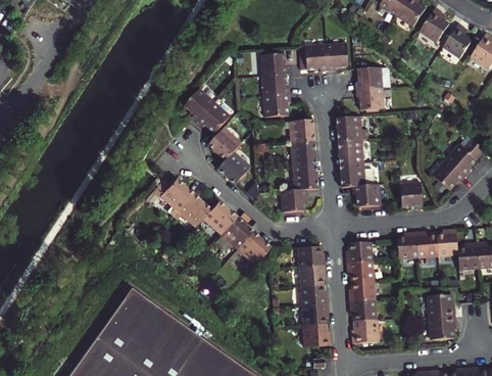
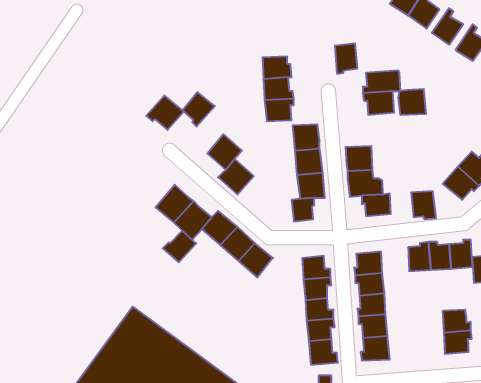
building: [298,45,330,73] -> none
building: [197,102,233,135] -> [146,95,184,130]
building: [336,116,362,141] -> [398,89,426,115]
building: none -> [163,231,196,262]

